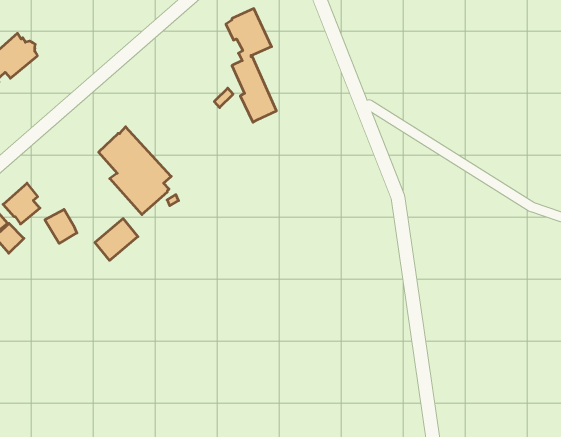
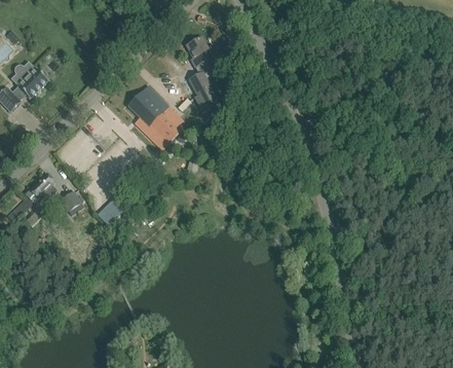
building: [99,127,171,215] -> [128,85,182,148]

